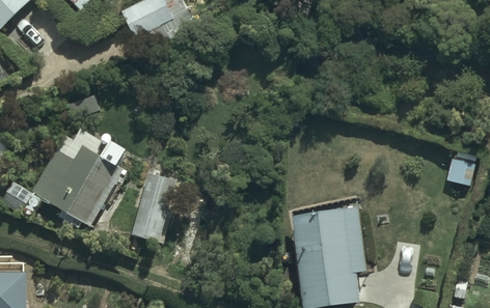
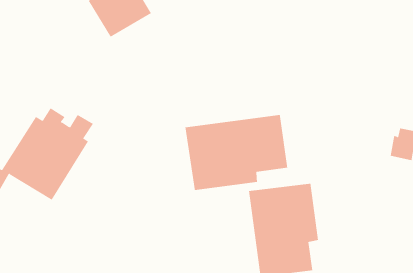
building: none -> [185,114,288,191]
building: [130,172,174,243] -> none

